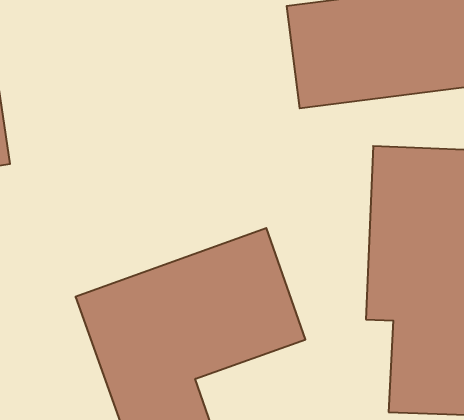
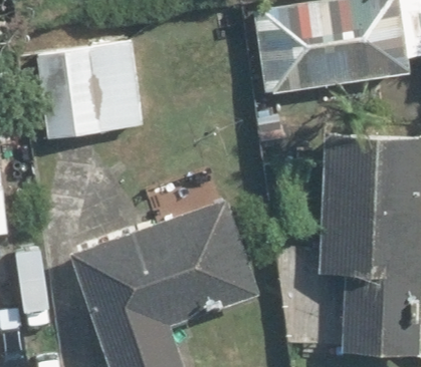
building: none -> [34,45,140,142]

